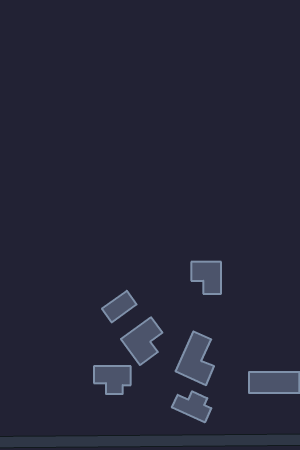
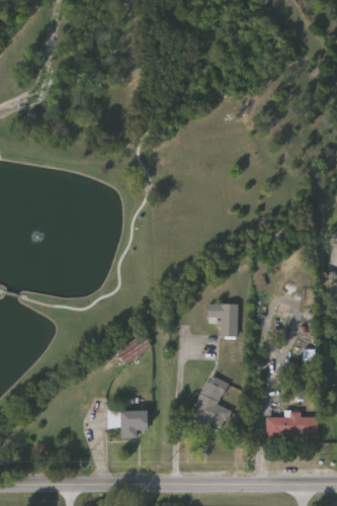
building: [121,317,162,365] -> none
building: [172,391,211,422] -> none

